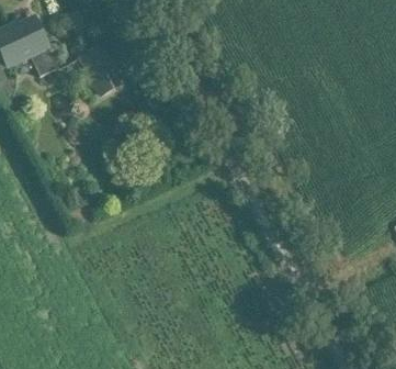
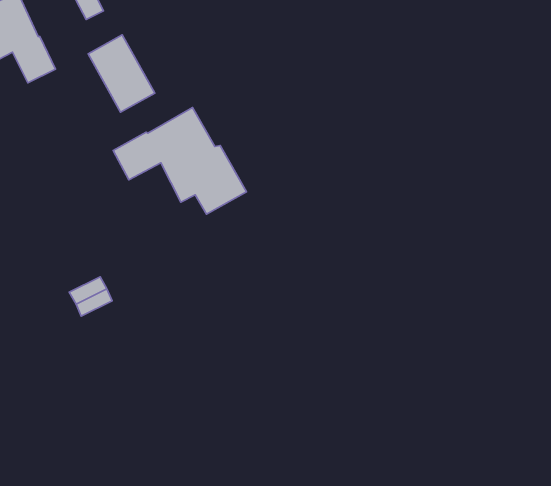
building: none -> [113,107,246,214]

